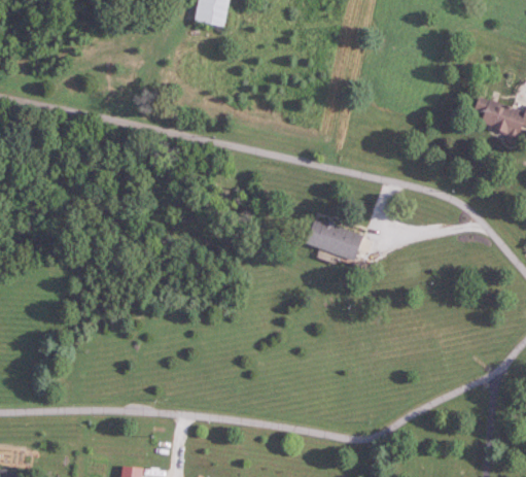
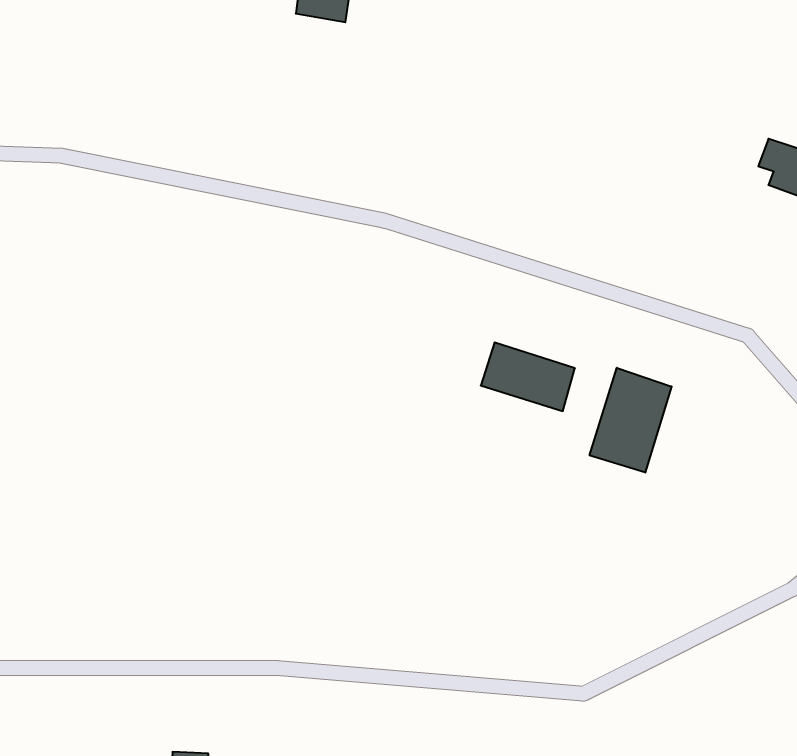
building: none -> [590,368,672,473]

